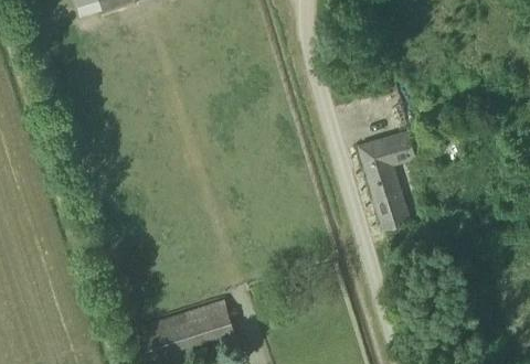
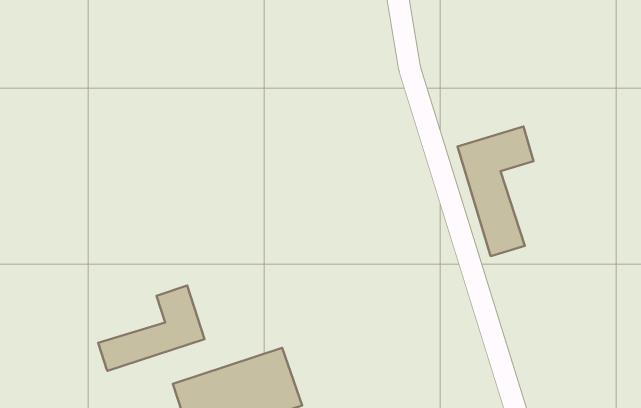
building: none -> [98,286,204,371]

